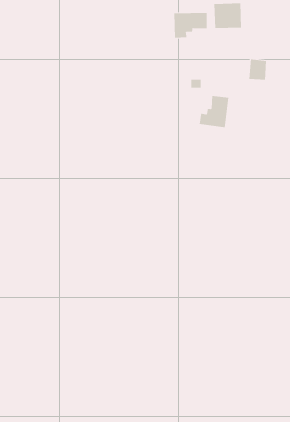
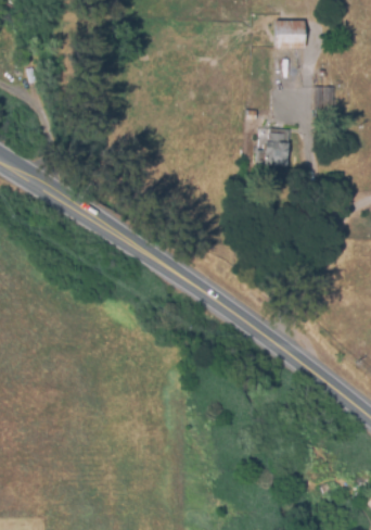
building: [174,12,207,39] -> none

